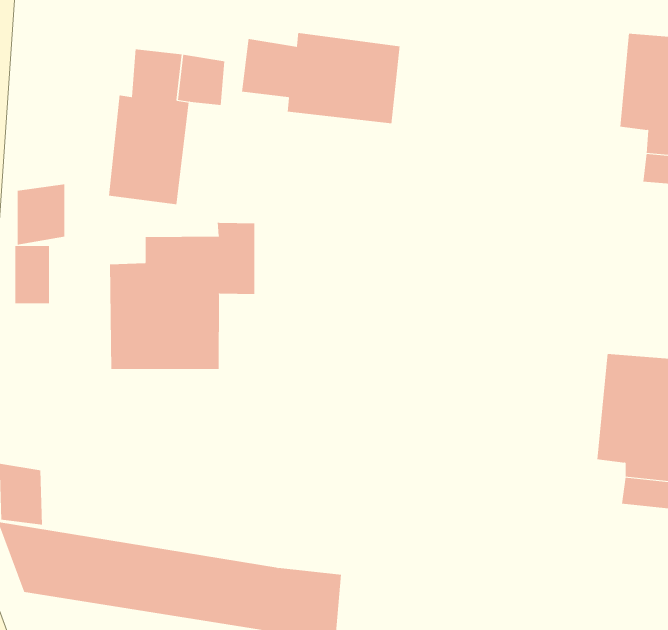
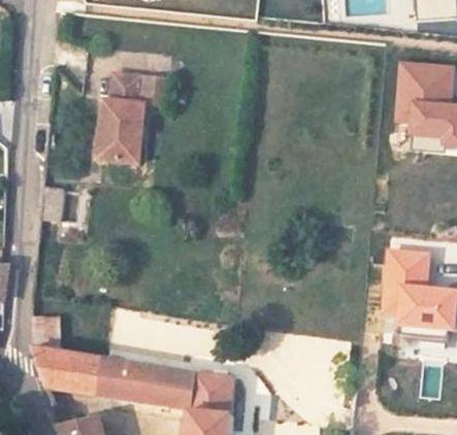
building: [242,32,400,124] -> none
building: [17,184,65,245] -> none
building: [110,222,255,370] -> none

